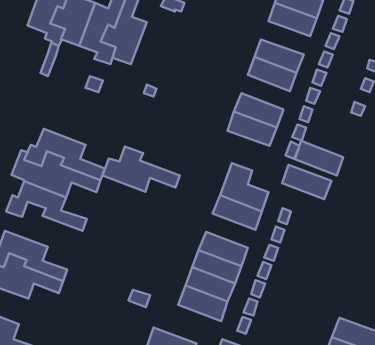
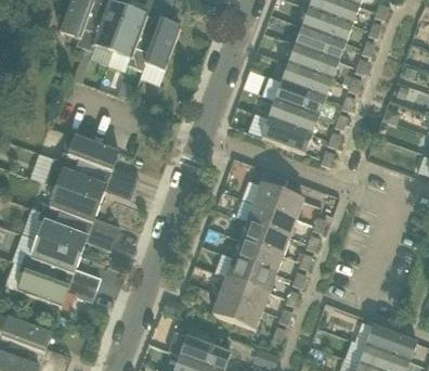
building: none -> [295,25,344,59]
building: [295,141,343,175] -> [275,79,324,114]
building: [102,147,180,192] -> [37,207,115,253]
building: [282,165,332,199] -> [239,219,289,254]

